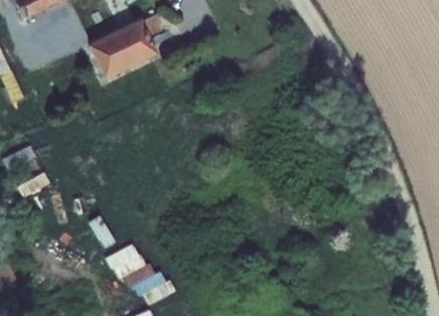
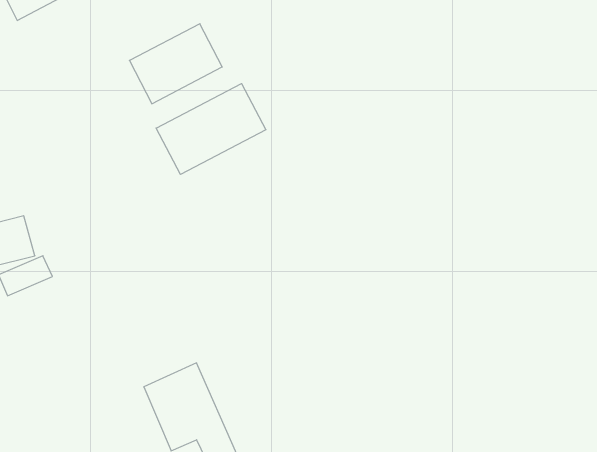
building: none -> [156,84,266,174]

